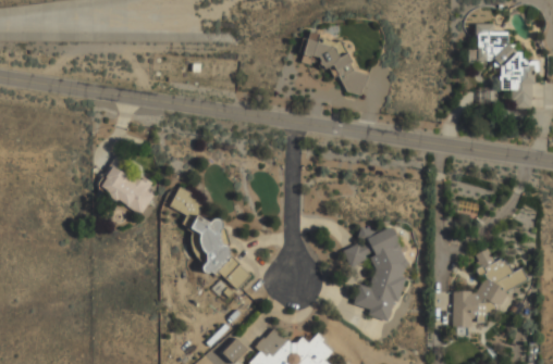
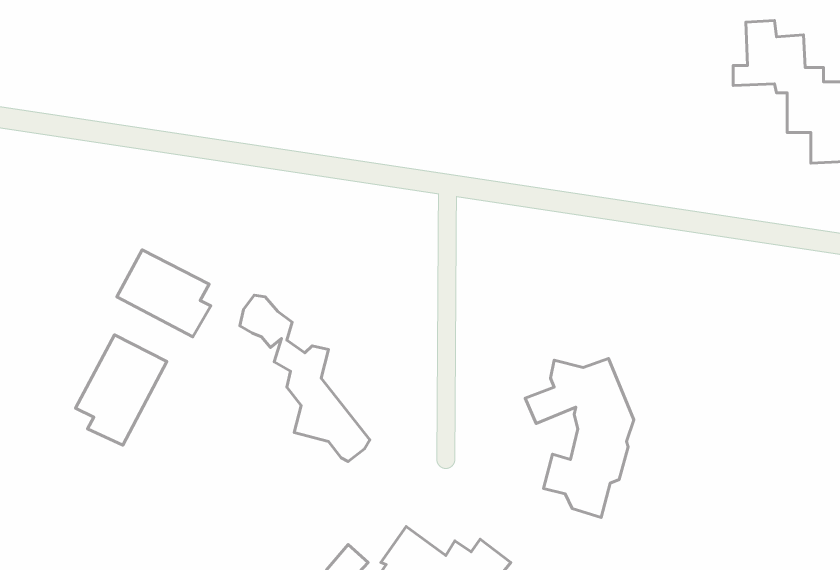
building: [300,33,369,96] -> none
building: none -> [76,335,167,445]
building: [452,249,528,327] -> none

